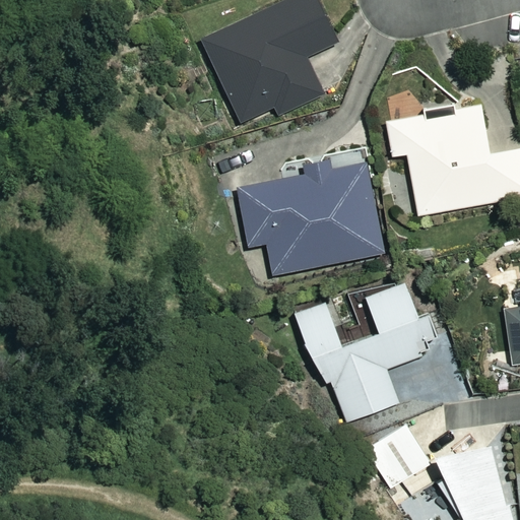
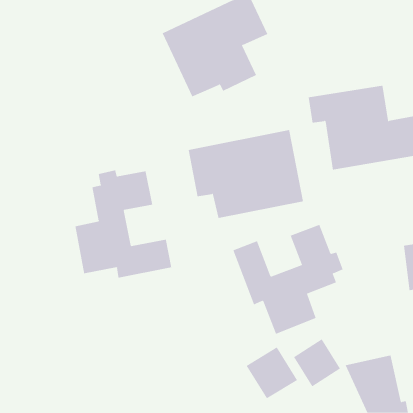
building: none -> [75,170,172,279]
building: none -> [246,347,298,399]

